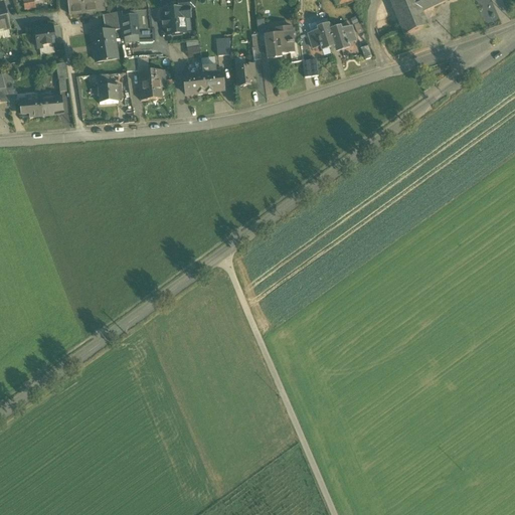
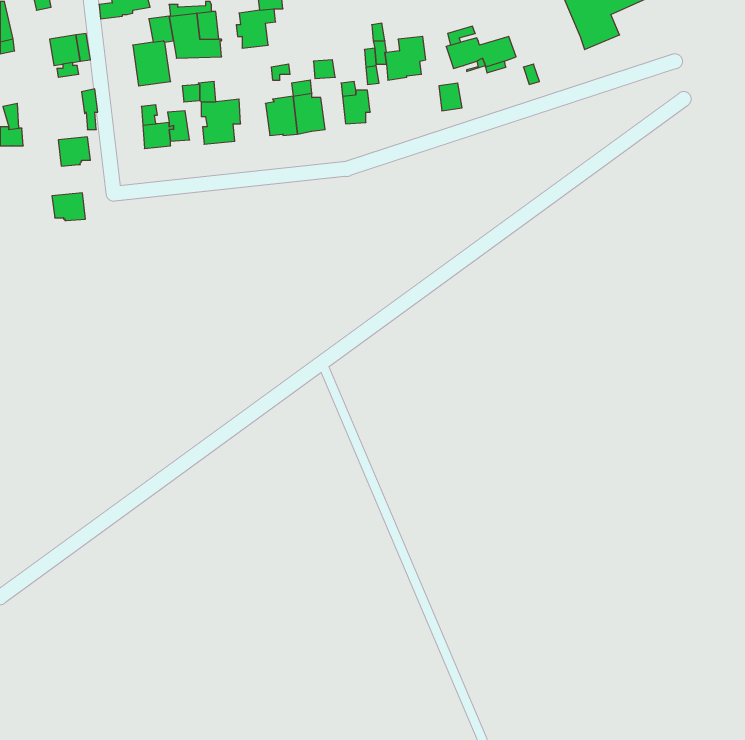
building: [19,97,42,116] -> [52,193,85,221]

